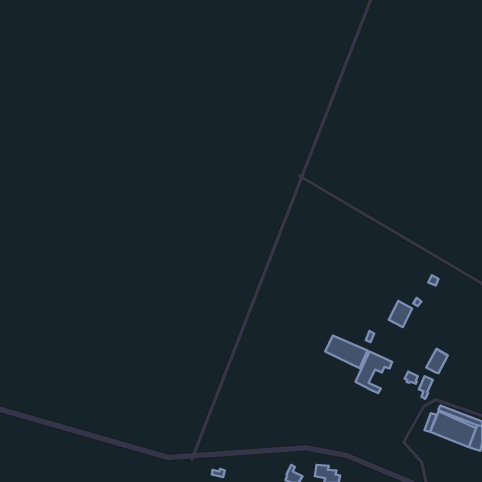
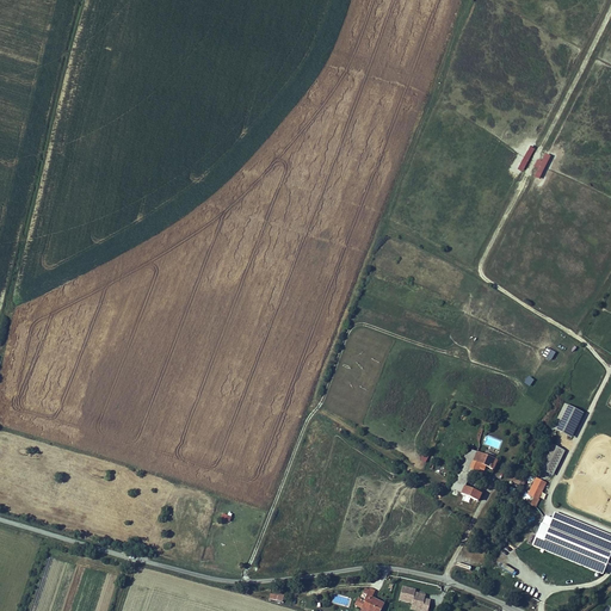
building: [389,301,412,327] -> [555,403,585,437]
building: [325,336,368,368] -> none

